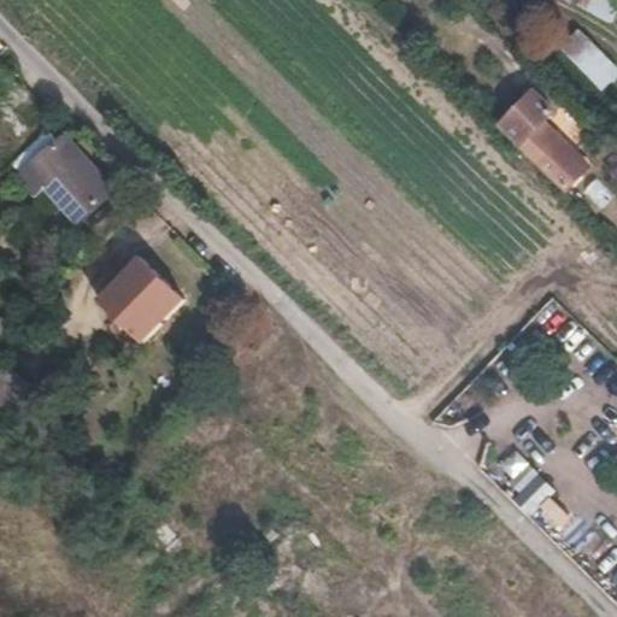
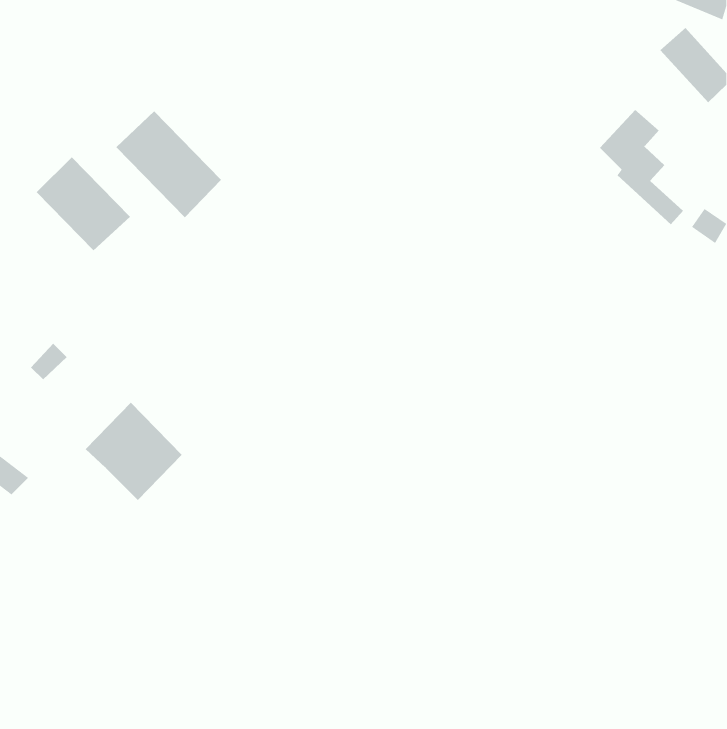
building: none -> [116,111,222,218]
building: [98,253,180,336] -> [85,402,182,501]

